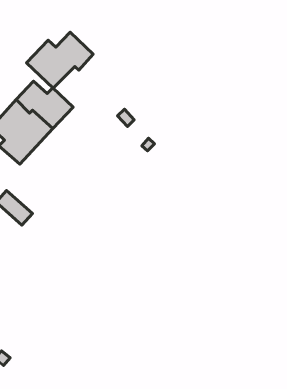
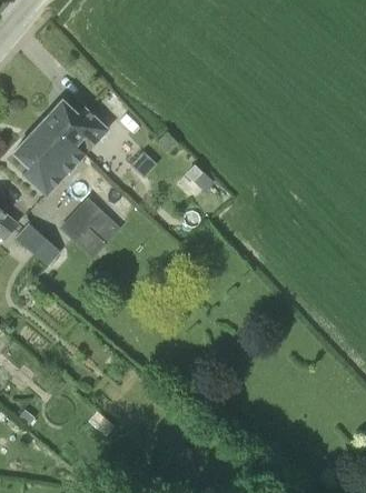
building: [27,32,93,88] -> none
building: none -> [60,198,121,259]

